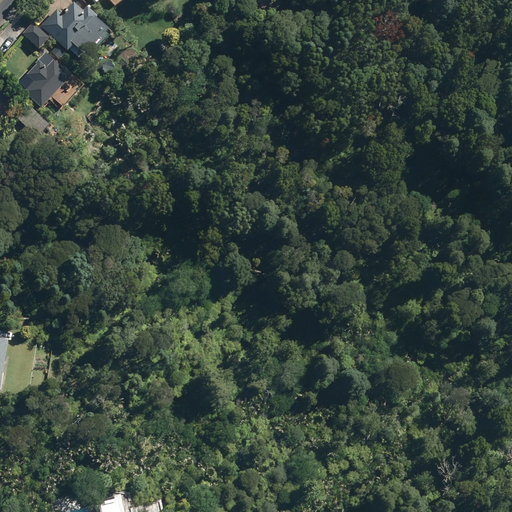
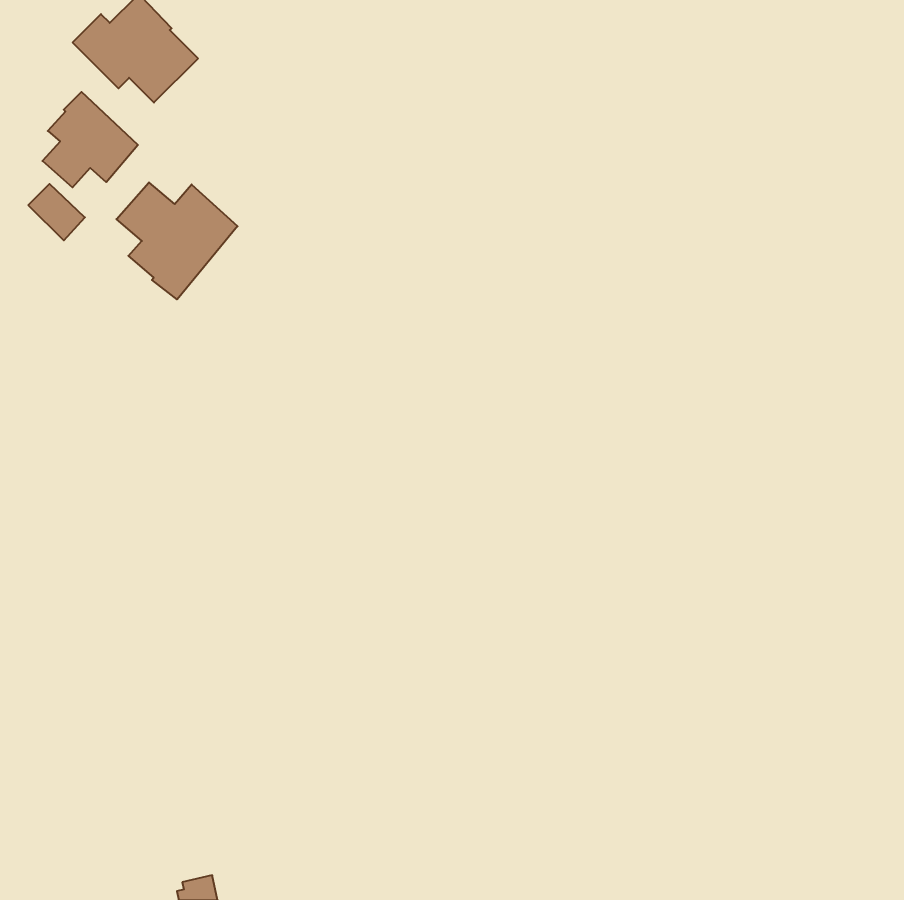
building: [23,21,50,48] -> none
building: none -> [116,182,238,299]

